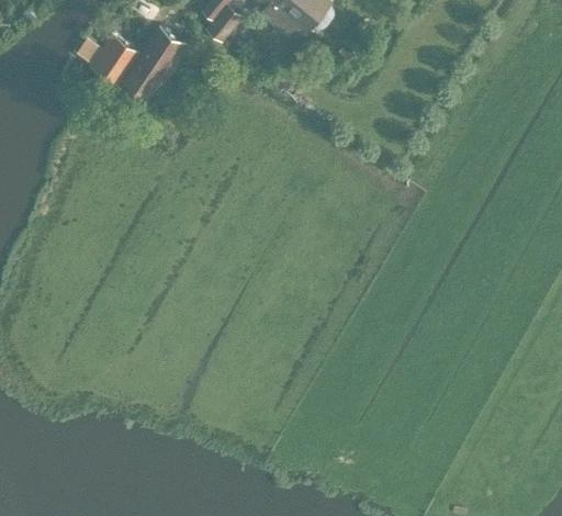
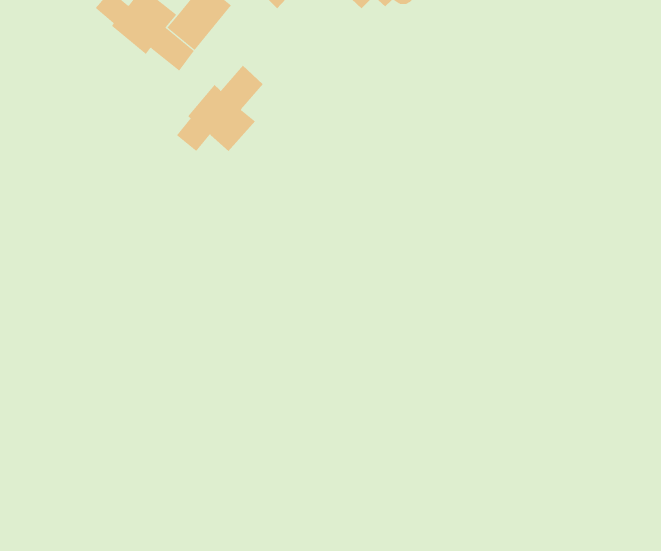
building: none -> [176,65,264,152]

